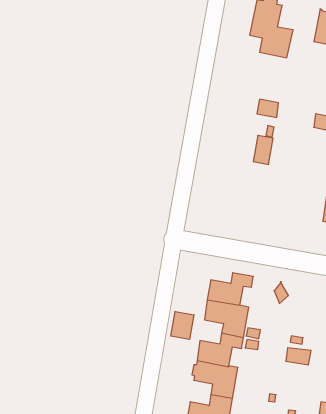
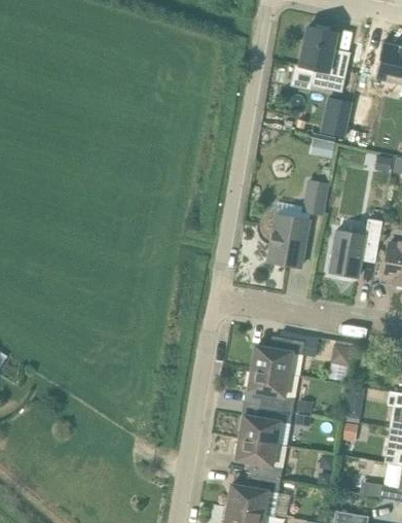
building: none -> [321,97,353,137]
building: none -> [268,215,309,268]
building: none -> [329,219,382,278]
building: [171,311,194,339] -> none

